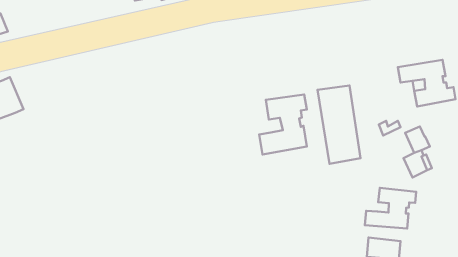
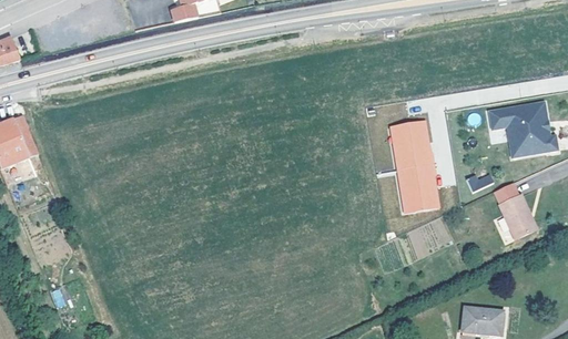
building: [259,94,307,154] -> none
building: [365,188,416,229] -> none

